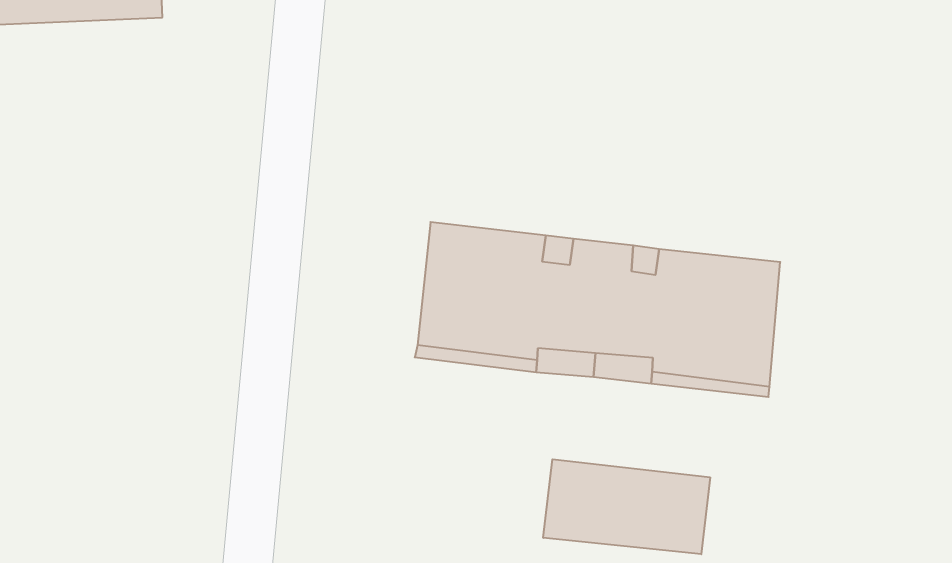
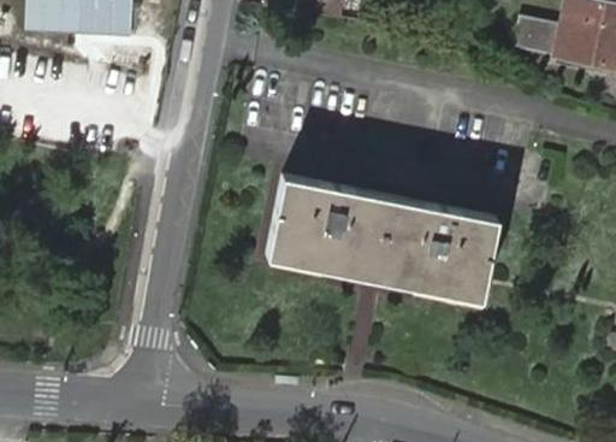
building: [543,459,710,554] -> none

